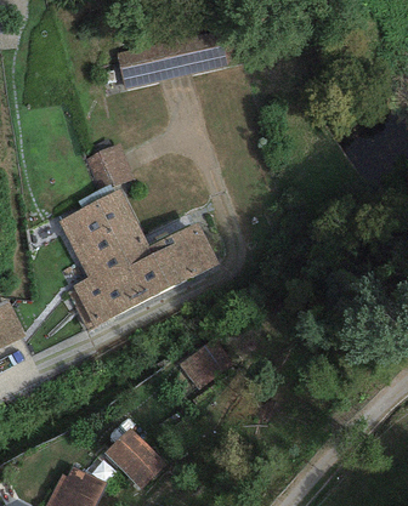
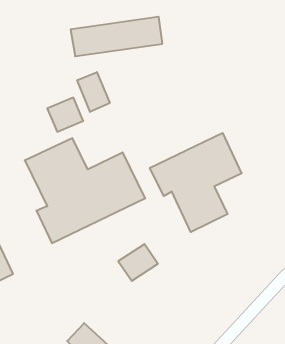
building: none -> [77,72,110,112]
building: none -> [150,133,242,232]

